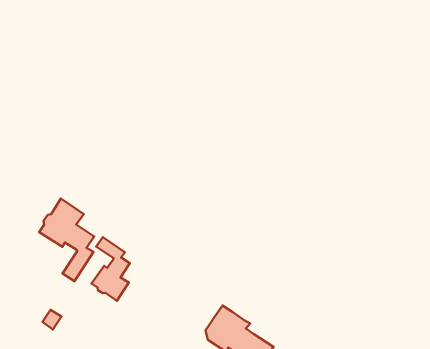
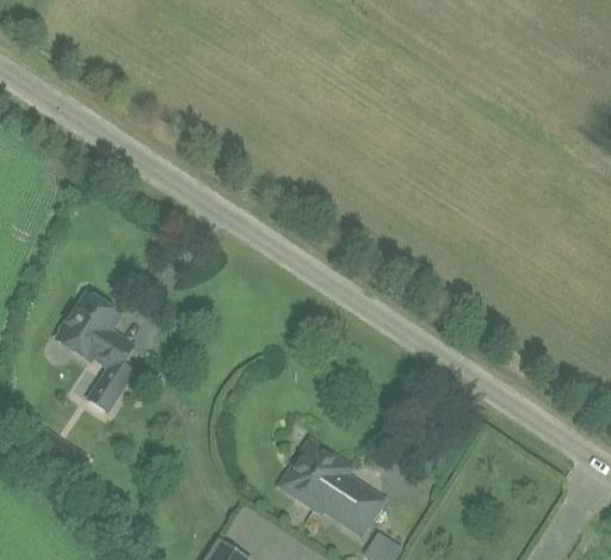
building: [92,237,130,301] -> none

